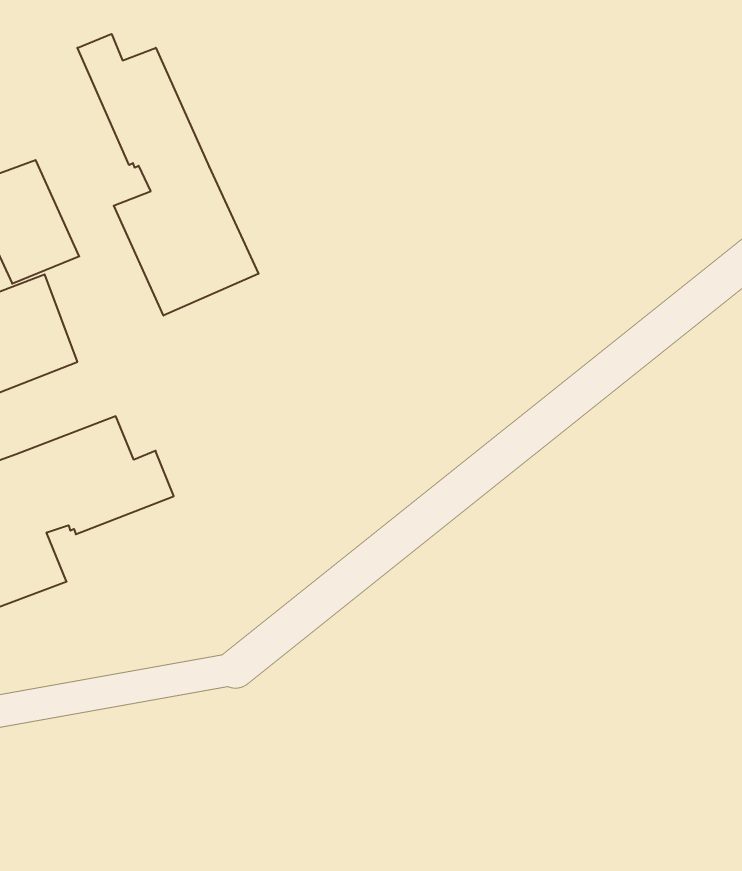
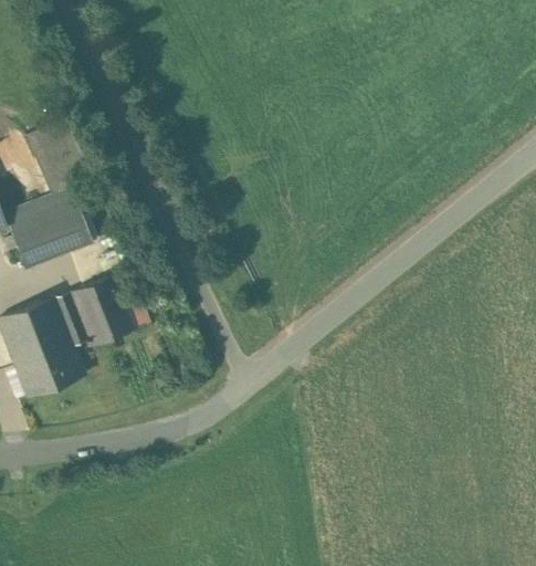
building: [77,34,258,316] -> none

